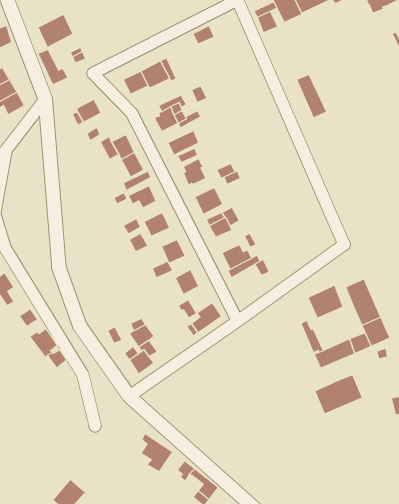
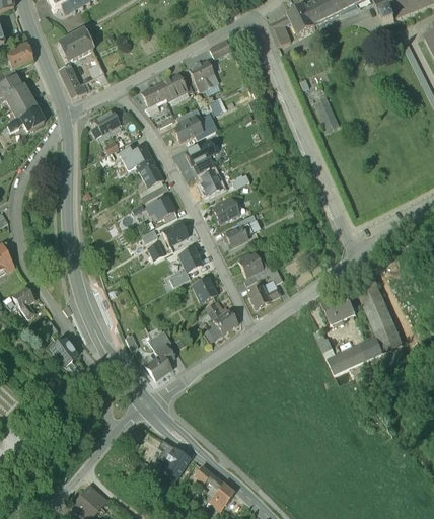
building: none -> [189,60,218,91]
building: none -> [246,284,280,309]
building: [315,375,362,414] -> none

